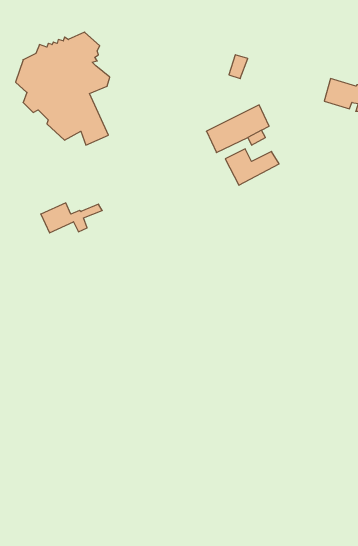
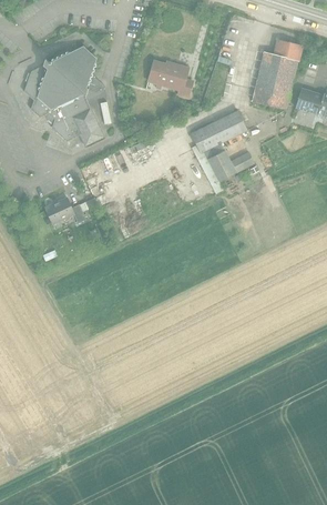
building: none -> [252,39,303,108]
building: none -> [149,60,193,97]

